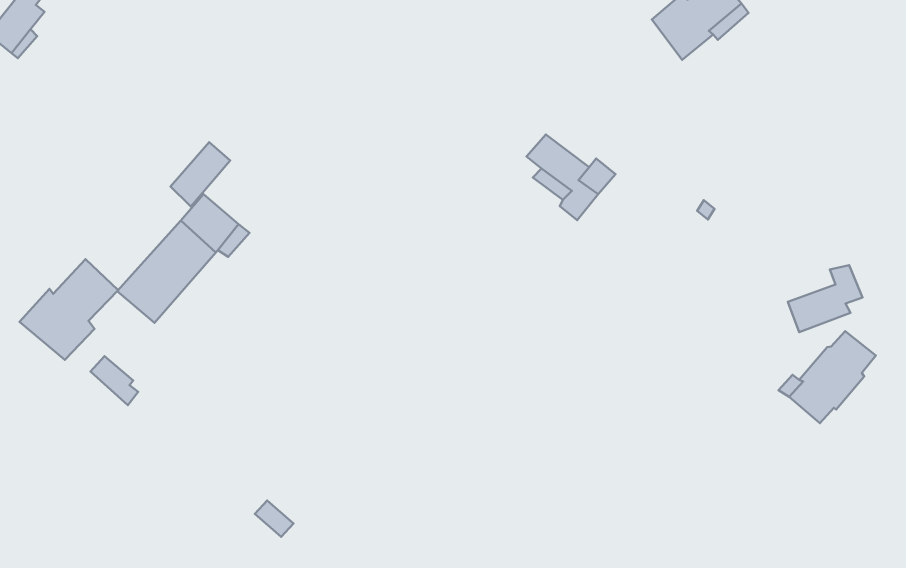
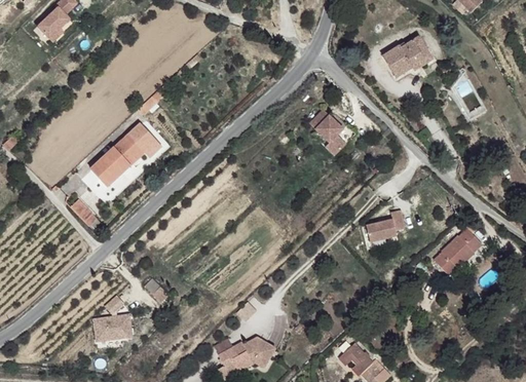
building: [171,142,230,207] -> none
building: [20,259,118,360] -> none
building: [788,265,863,332] -> [368,211,407,242]

